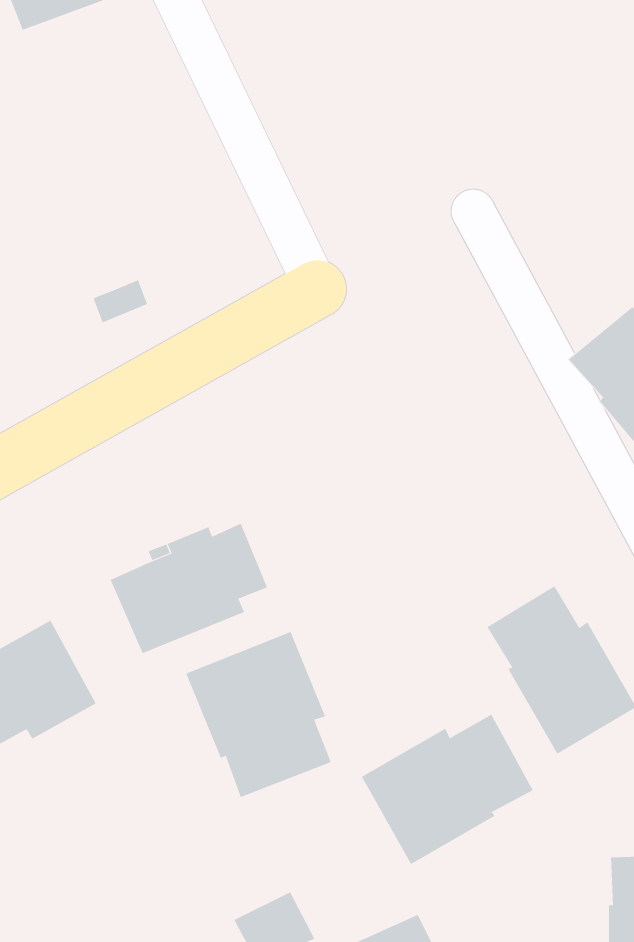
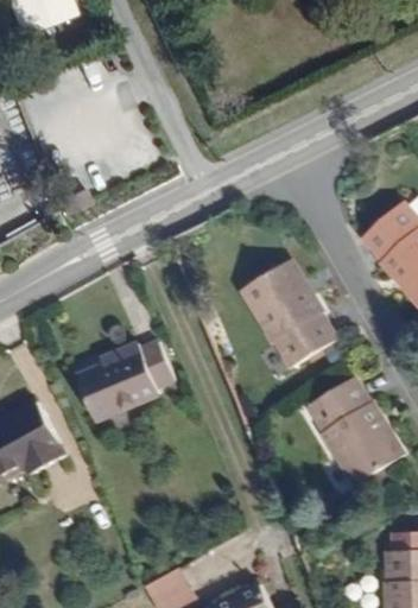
building: none -> [240,258,336,366]
building: [186,631,332,798] -> none
building: [361,714,534,865] -> none

